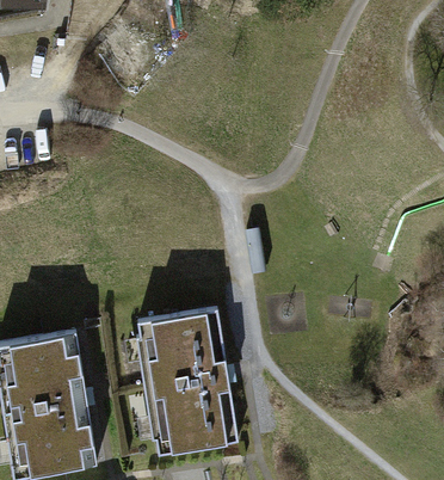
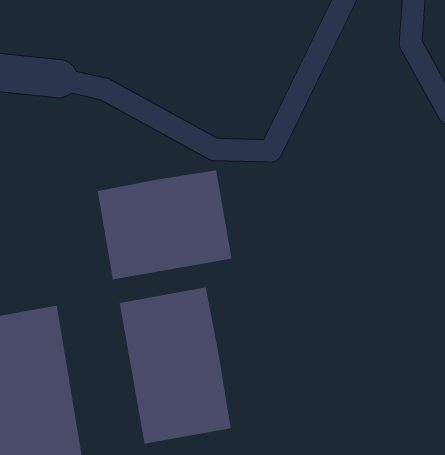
building: none -> [97,169,232,280]

